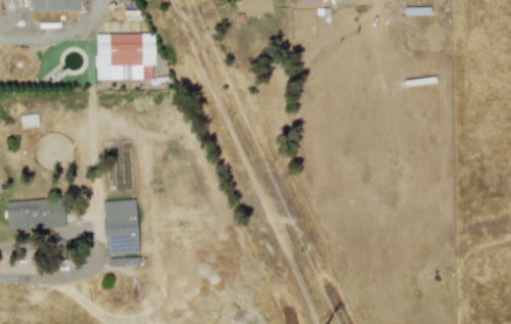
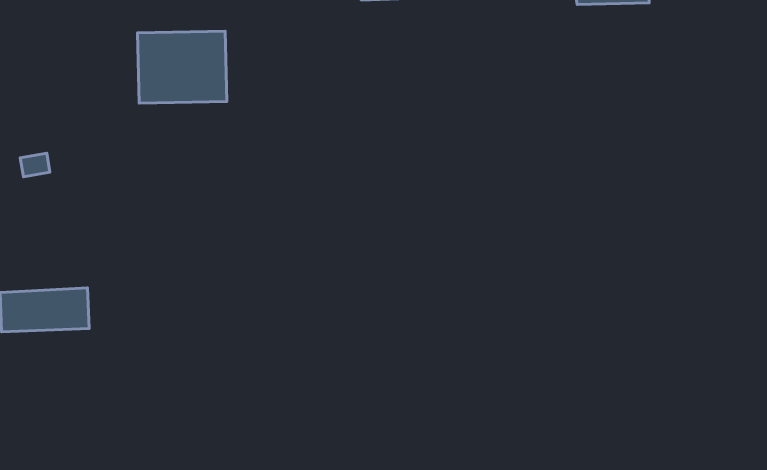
building: [104,199,139,253] -> none

